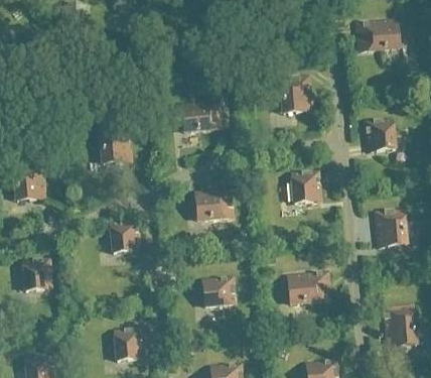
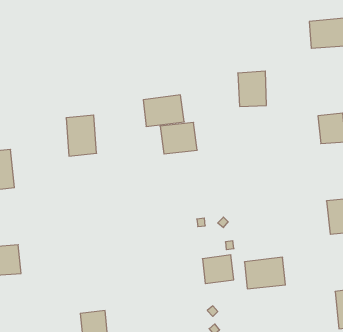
building: [291,170,320,204] -> none
building: [194,187,234,221] -> [160,122,197,154]
building: [111,222,138,253] -> none
building: [202,277,236,307] -> [202,255,234,284]

